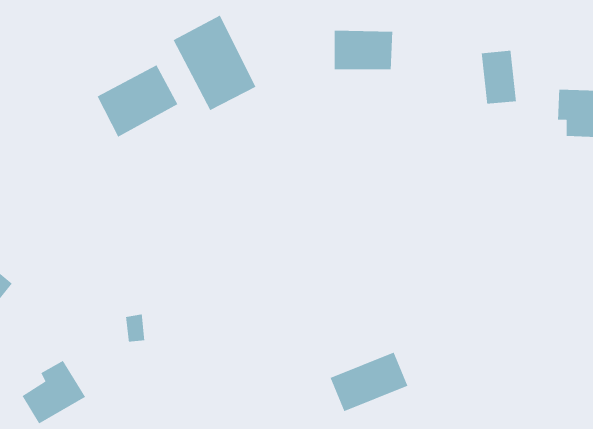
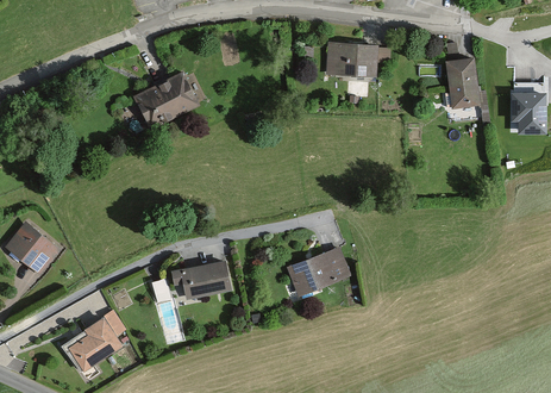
building: [173,14,257,111] -> none
building: none -> [169,262,227,300]
building: [329,352,409,412] -> [284,248,350,298]

